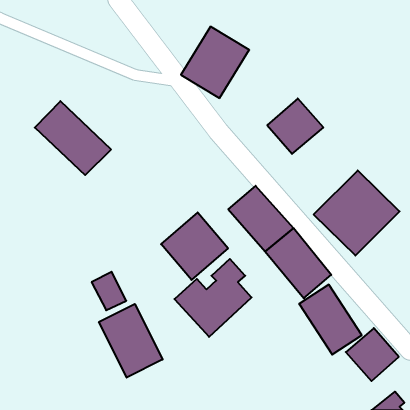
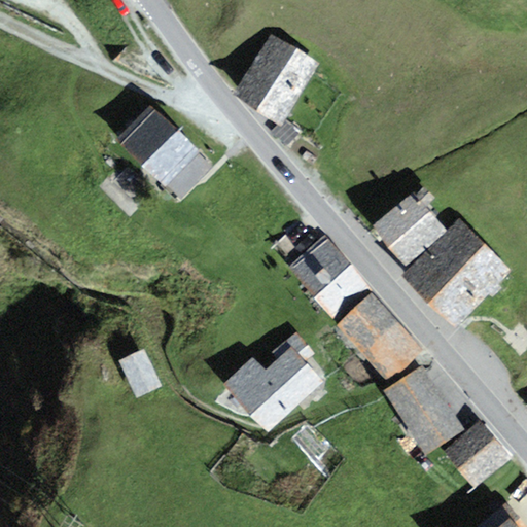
building: [267,98,323,154] -> [373,192,445,264]
building: [35,101,111,175] -> [114,105,212,200]
building: [161,212,228,280] -> none
building: [99,304,163,378] -> none

